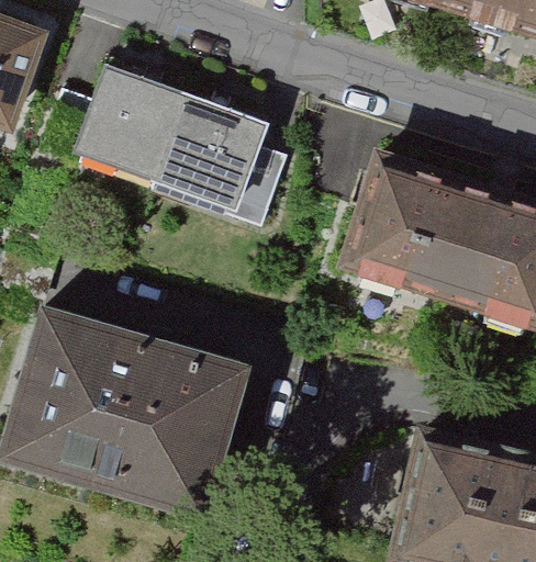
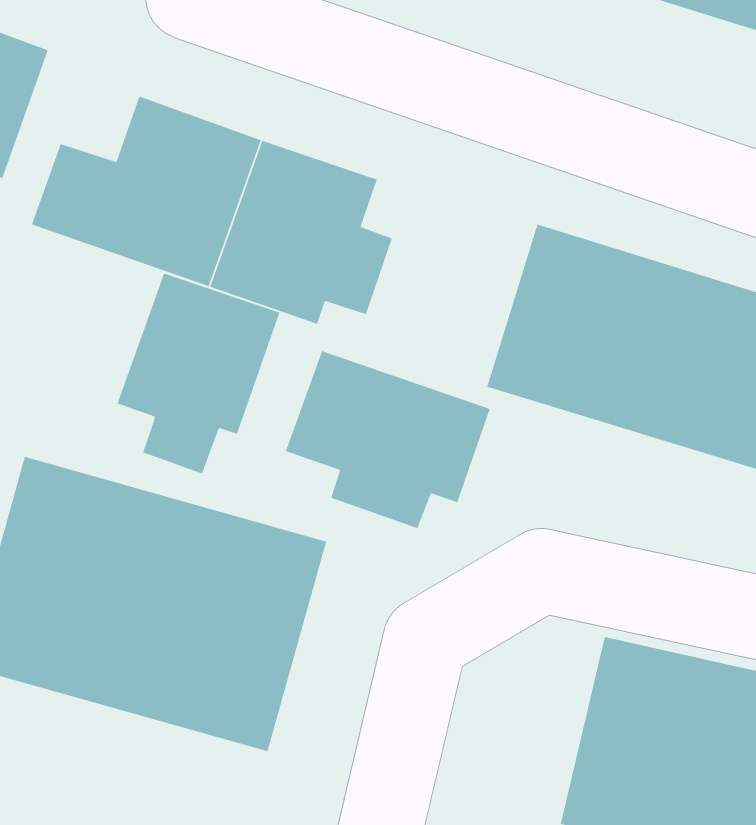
building: none -> [117,272,280,475]
building: none -> [285,350,491,529]

